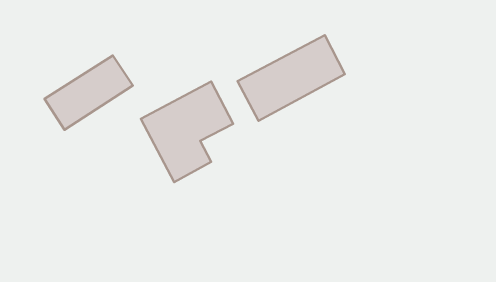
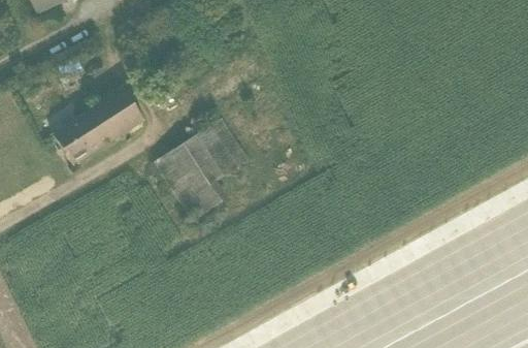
building: [238,35,345,121] -> none

